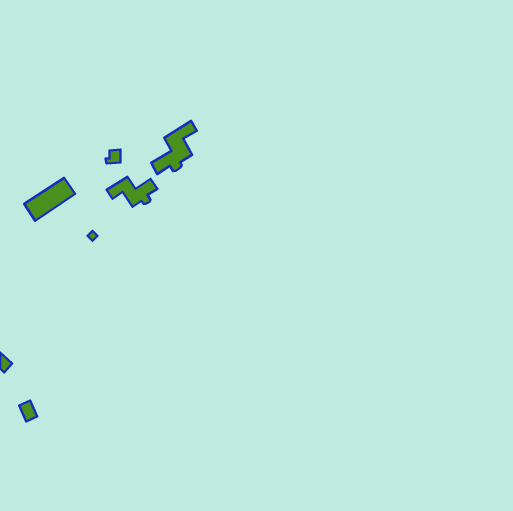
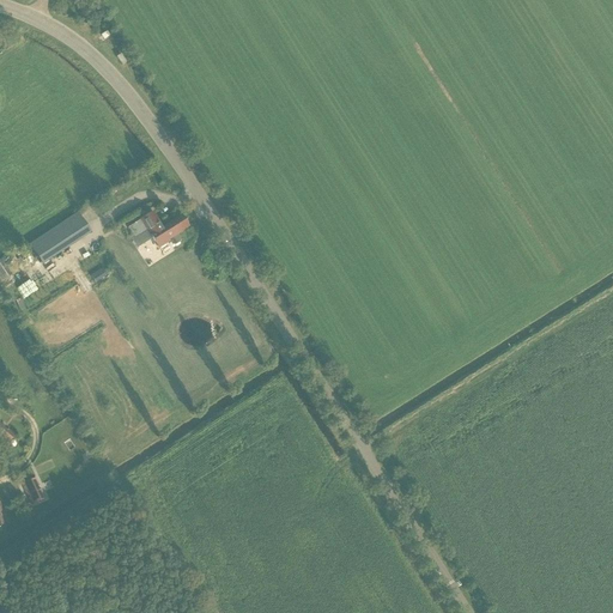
building: [151,121,197,174] -> none

